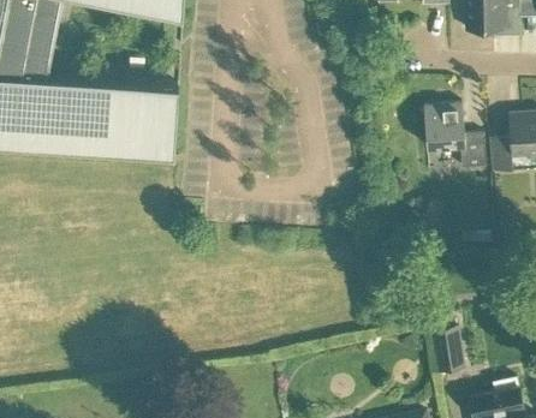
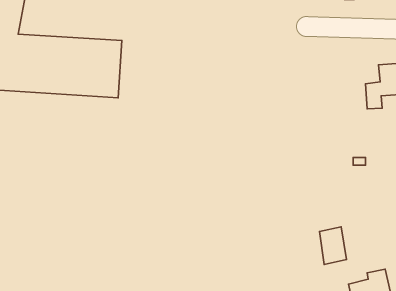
building: [423,104,487,171] -> none

